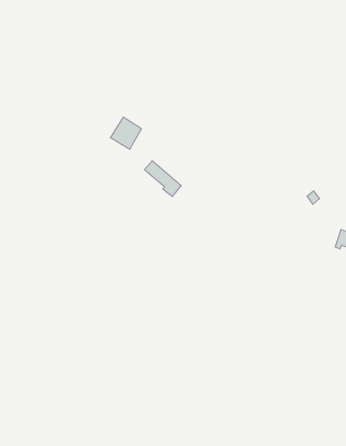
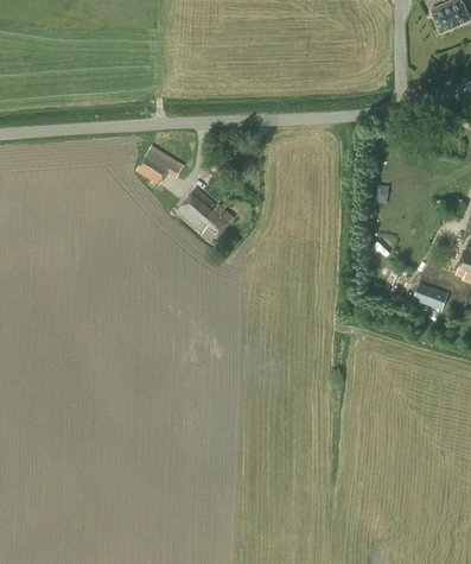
building: none -> [187,189,234,230]

